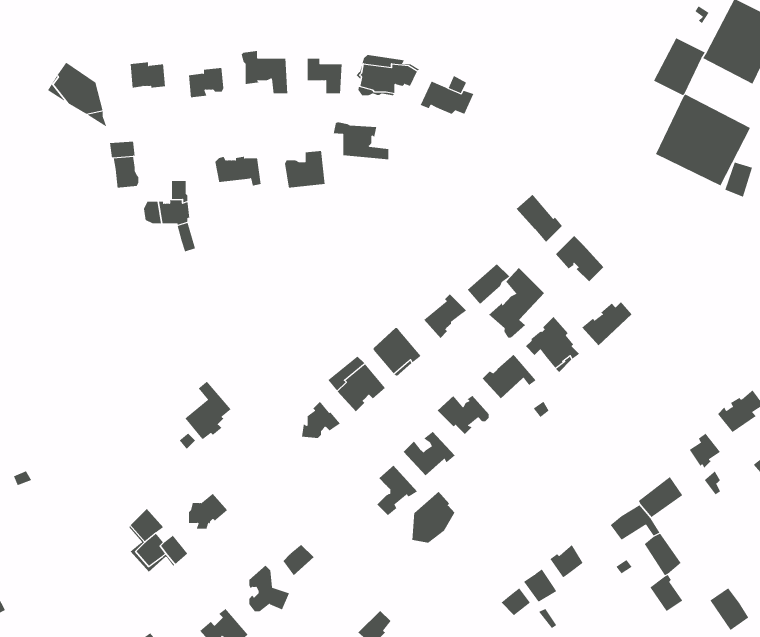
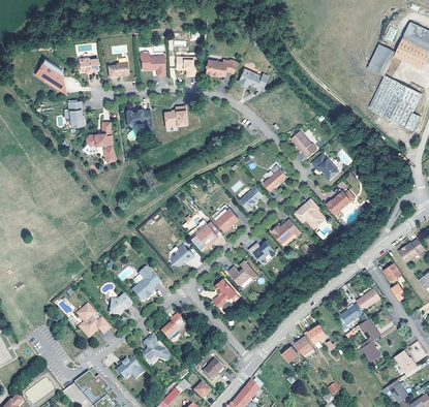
building: [333,121,389,160] -> none
building: [488,267,545,339] -> none
building: [185,381,232,439] -> [131,269,157,301]
building: [412,491,455,543] -> none

